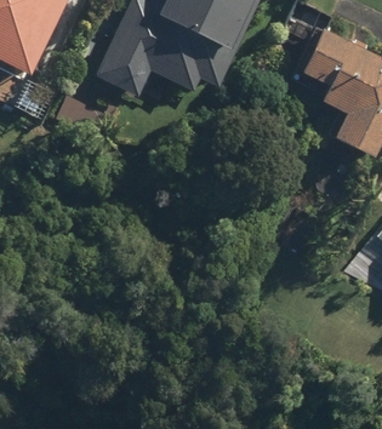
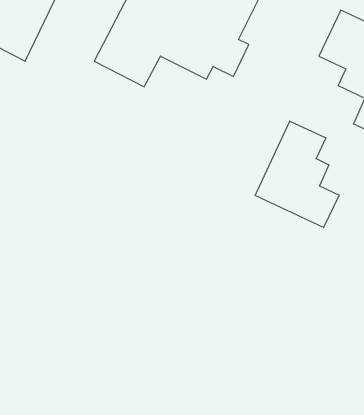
building: none -> [255,121,339,228]

